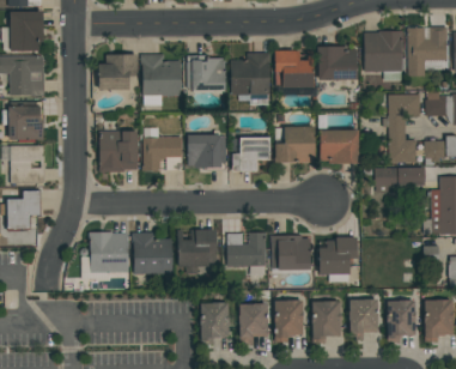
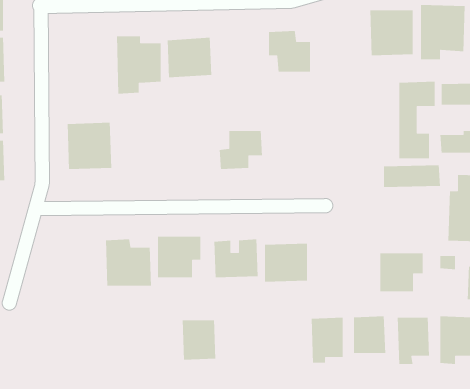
building: [318,48,358,80] -> none
building: [231,53,270,95] -> none
building: [99,55,139,90] -> none
building: [275,127,314,164] -> none
building: [144,128,183,171] -> none
building: [320,131,359,164] -> none
building: [188,135,226,169] -> none
building: [90,232,129,273] -> none
building: [320,240,358,274] -> [380,252,423,292]
building: [274,301,304,343] -> none
building: [239,304,268,345] -> none

